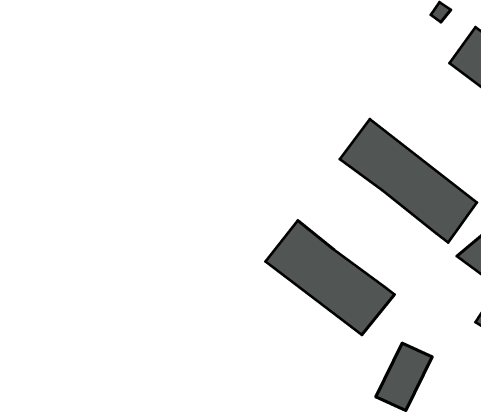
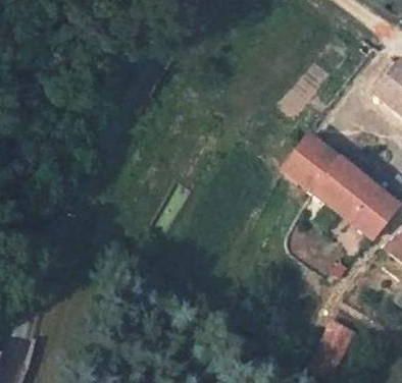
building: [265,220,394,335] -> none

